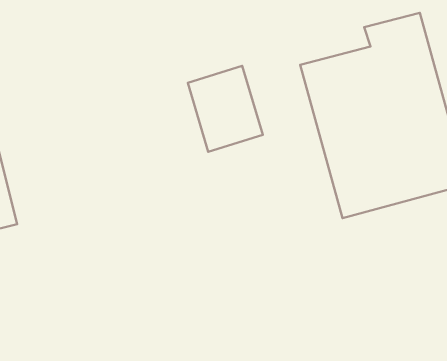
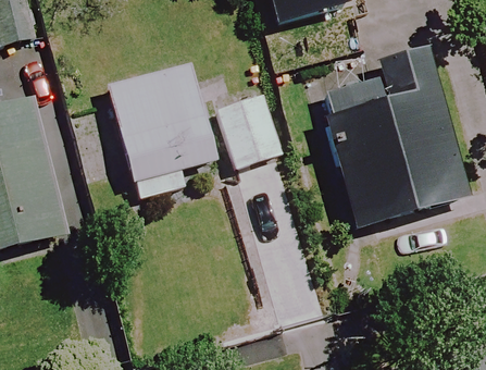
building: none -> [108,62,217,198]

